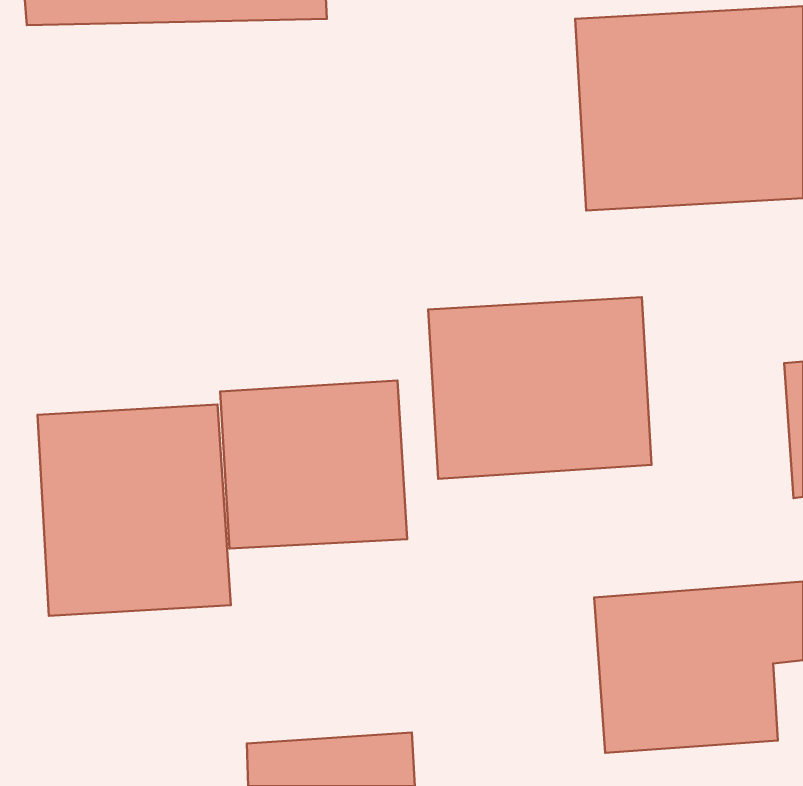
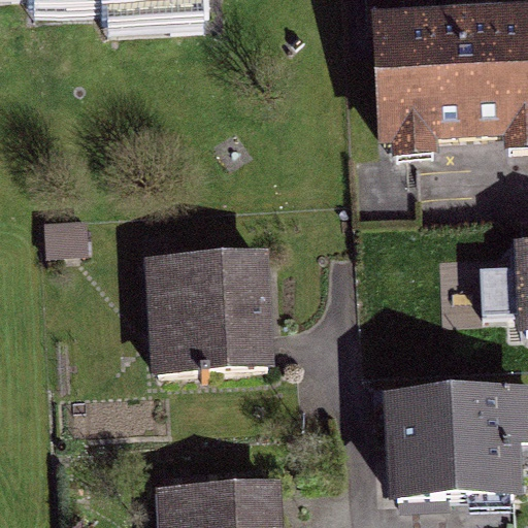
building: [428,297,652,479] -> none
building: [38,404,231,616] -> none

